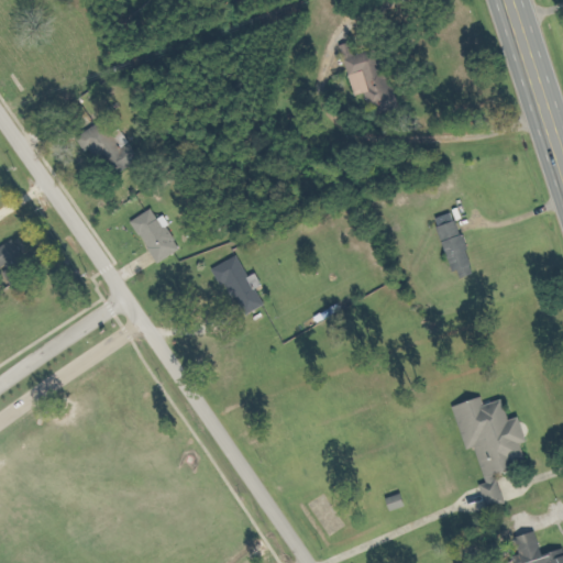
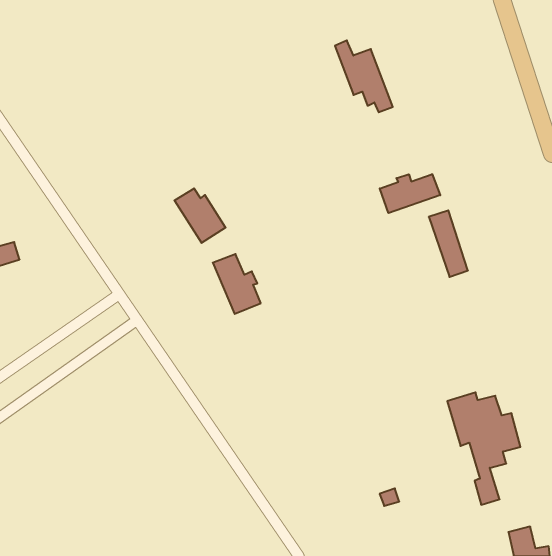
building: [76,126,137,175] -> none
building: none -> [380,174,440,213]
building: [129,209,180,264] -> [174,188,226,243]

